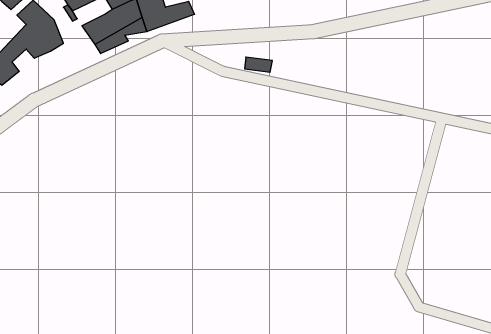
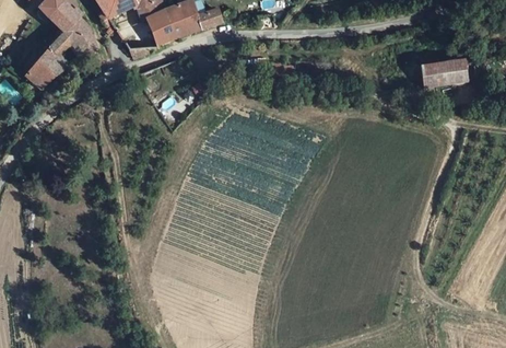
building: none -> [421,61,469,94]

